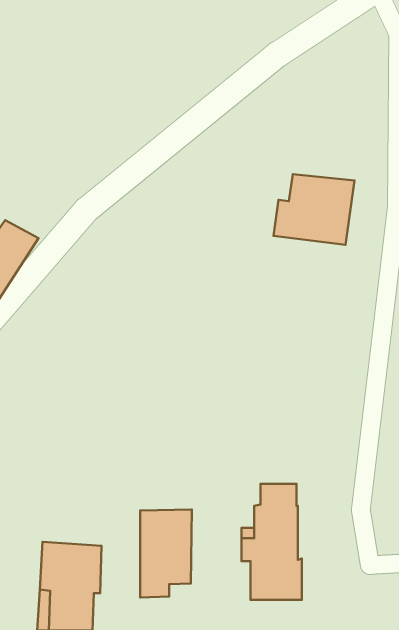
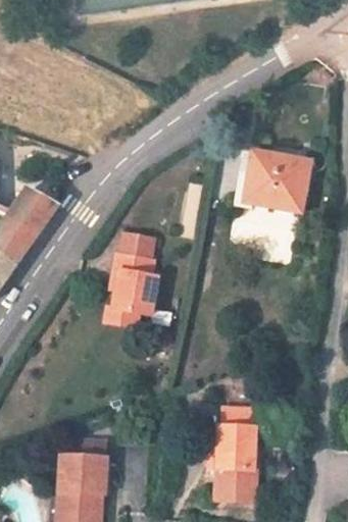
building: none -> [108,246,158,318]
building: [140,509,192,597] -> none

